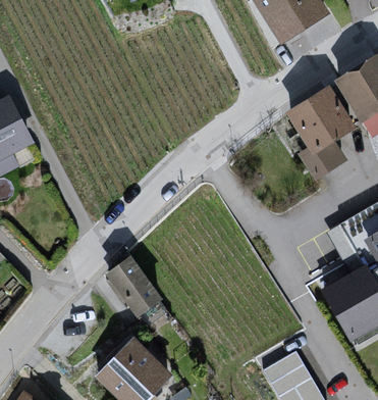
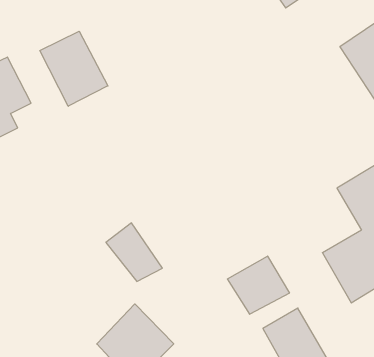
building: none -> [40,31,108,106]
building: [288,91,359,185] -> none
building: none -> [227,256,289,314]

